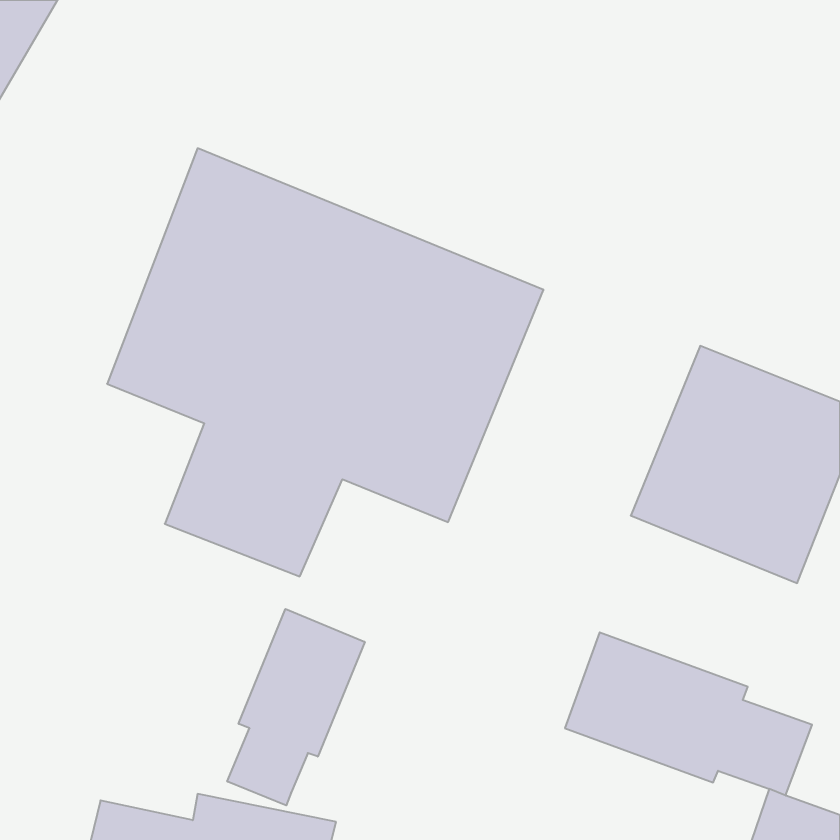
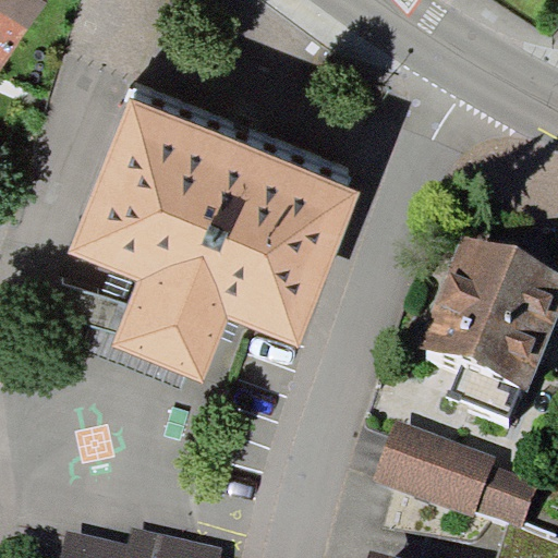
building: [227,609,365,805] -> none

